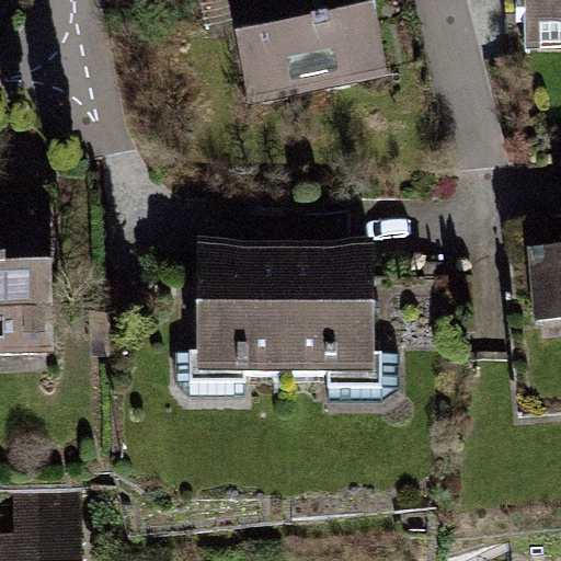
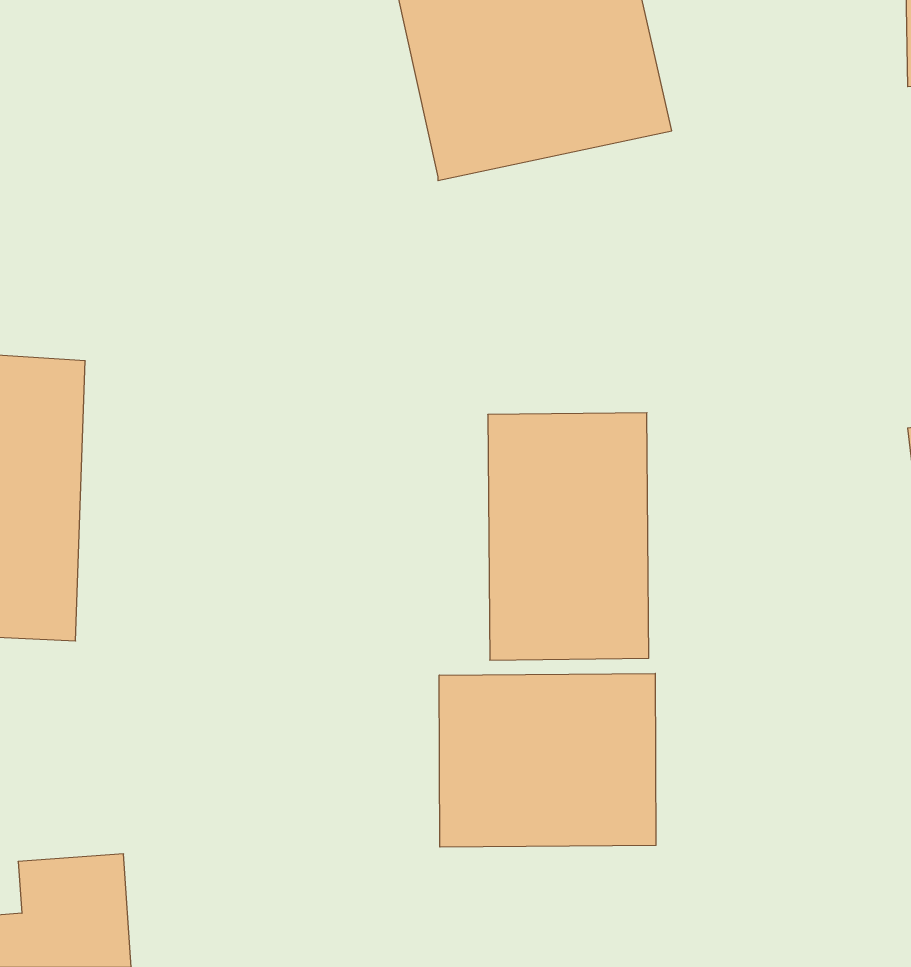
building: [192,238,284,378] -> none
building: none -> [439,673,656,847]

